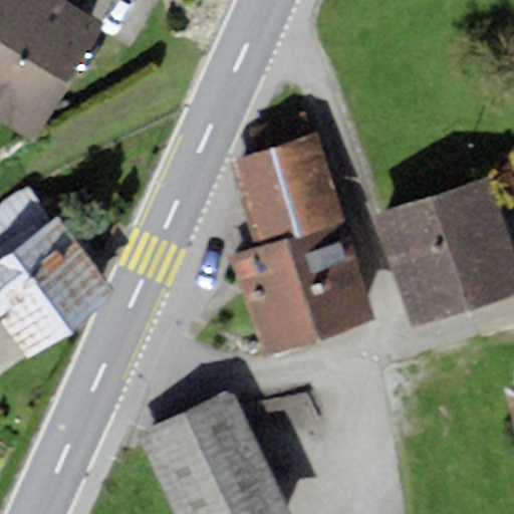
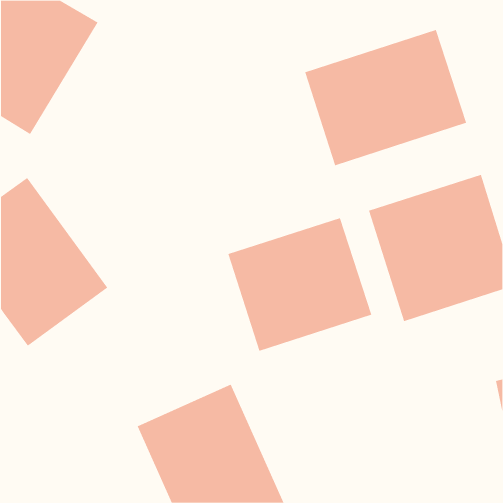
building: none -> [304,29,467,166]
building: [229,112,344,247] -> none

